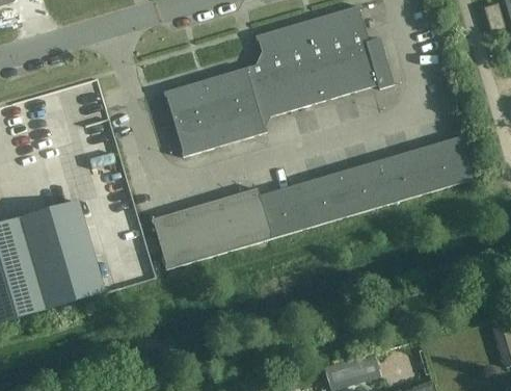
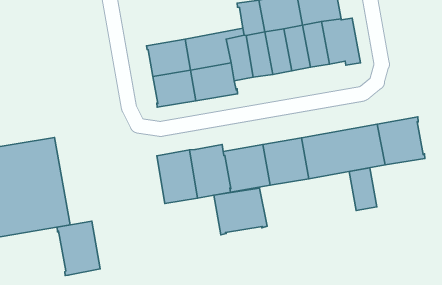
building: none -> [349,168,377,210]
building: [152,208,203,269] -> [57,221,100,276]
building: none -> [214,188,267,235]

